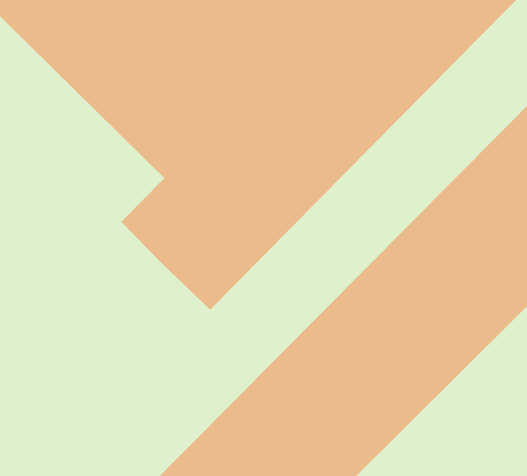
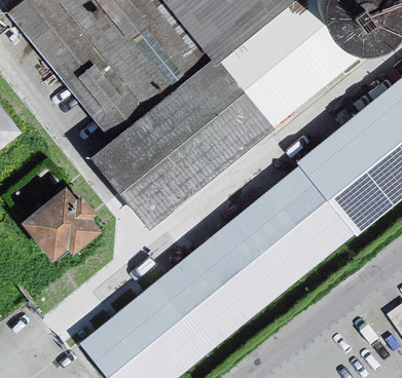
building: none -> [19,187,100,263]

